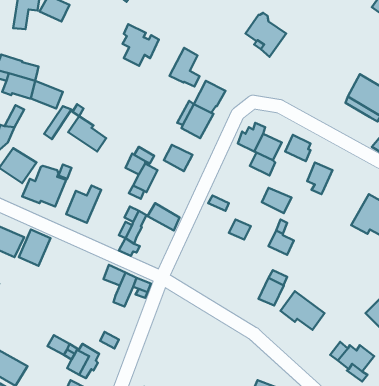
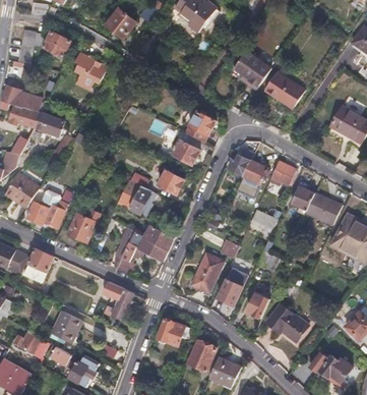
building: [123,24,159,66] -> [73,53,107,92]
building: none -> [263,71,302,108]
building: [170,48,200,86] -> none
building: [68,116,106,152] -> none
building: none -> [304,192,340,225]
building: none -> [132,235,167,261]
building: none -> [189,252,223,293]
building: none -> [217,269,246,305]
building: none -> [51,311,81,342]
building: none -> [156,319,187,345]
building: none -> [12,331,48,356]
building: none -> [186,341,213,371]
building: none -> [207,356,240,387]

